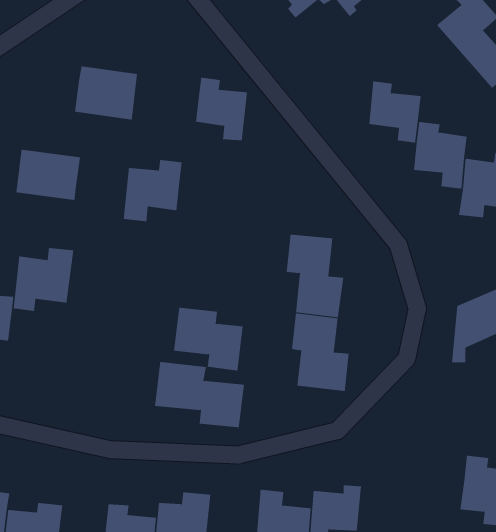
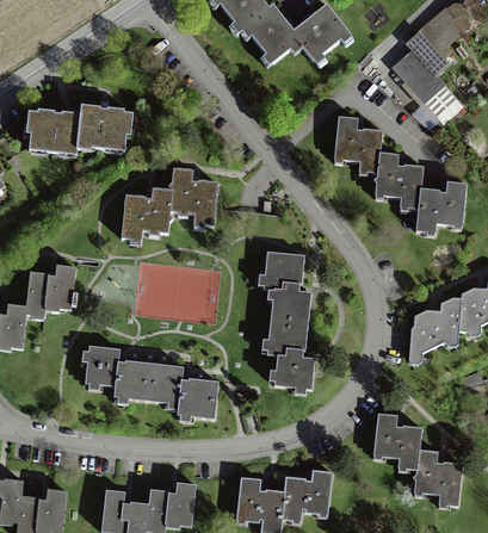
building: [195,77,248,141] -> [167,169,214,225]
building: [16,149,81,201] -> [20,110,78,155]
building: [173,307,244,371] -> [87,347,149,403]
building: none -> [373,416,421,469]

